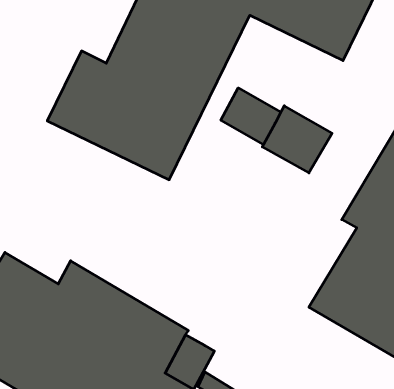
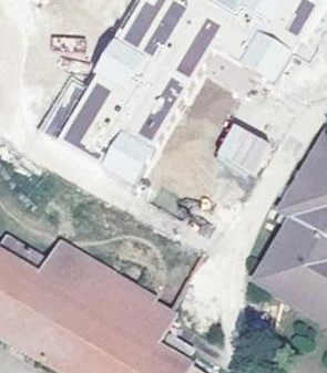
building: [221,88,281,145] -> none

